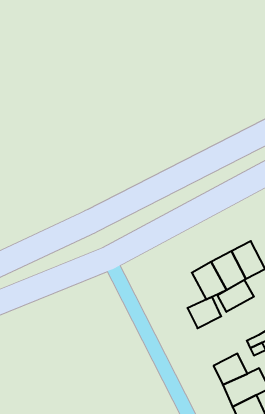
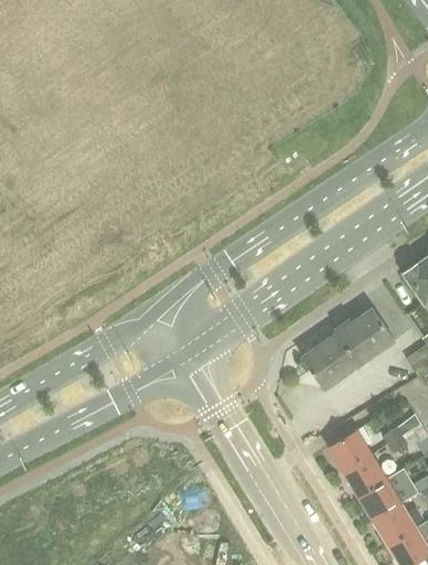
building: [217,280,254,312] -> none
building: [187,297,221,328] -> [328,430,372,472]

